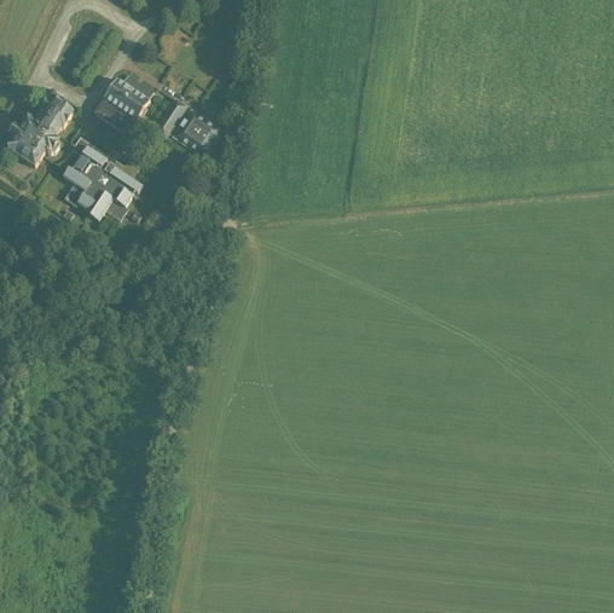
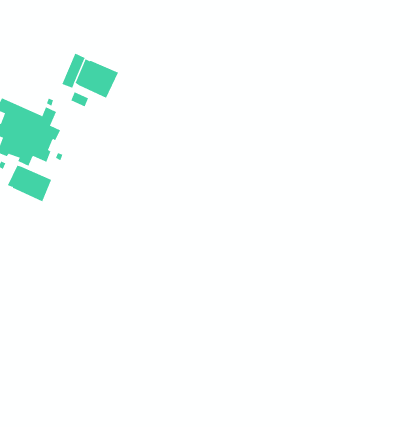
building: [93,74,152,133] -> none
building: none -> [7,165,52,202]

